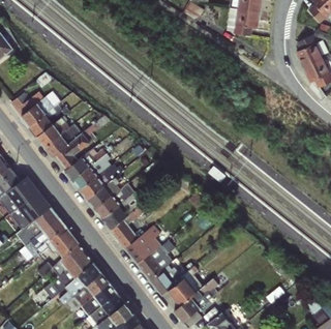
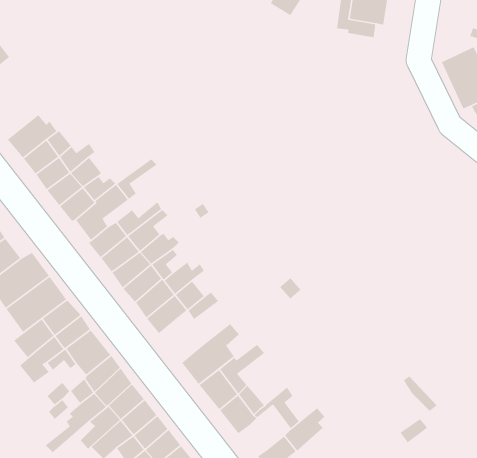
building: [110,219,138,249] -> none
building: [169,277,195,306] -> none

